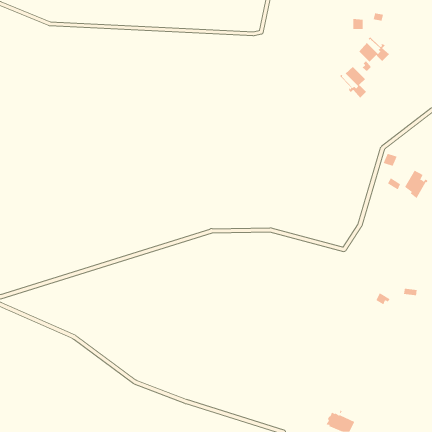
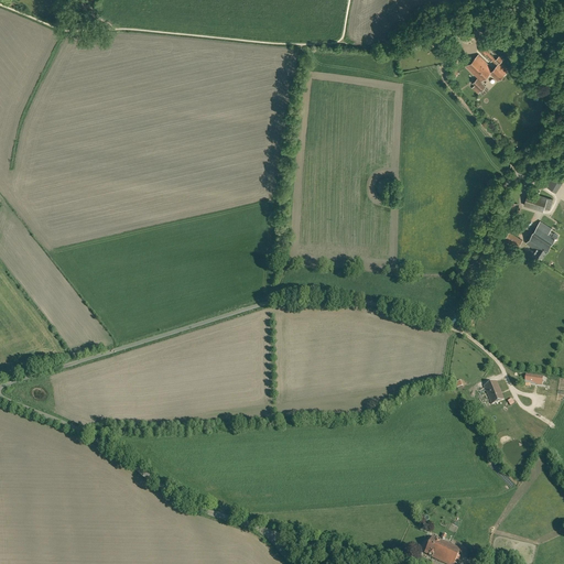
building: [339,66,367,98] -> none

